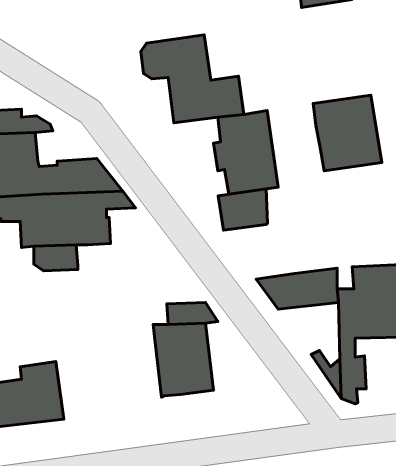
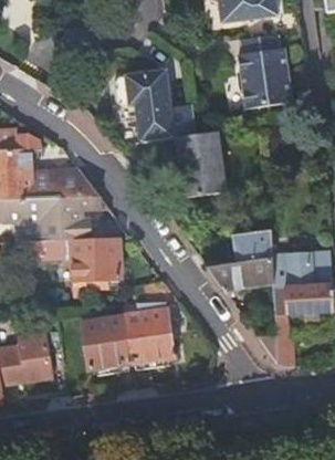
building: [313,95,382,171] -> [238,48,293,108]
building: [218,189,267,230] -> [233,230,273,263]
building: none -> [71,238,119,289]
building: none -> [82,314,130,367]

